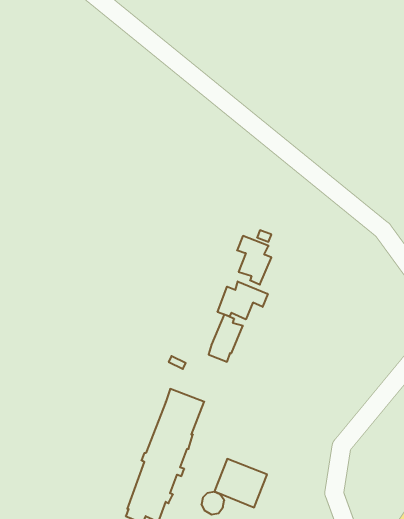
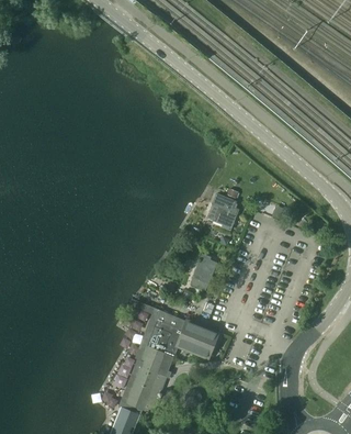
building: [218,281,268,319] -> none
building: [214,459,267,507] -> [176,320,216,357]

